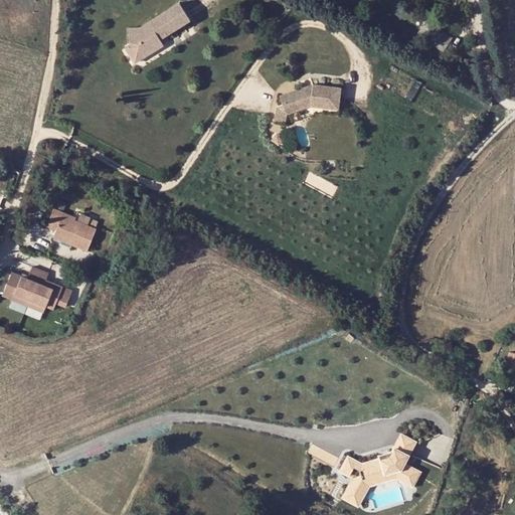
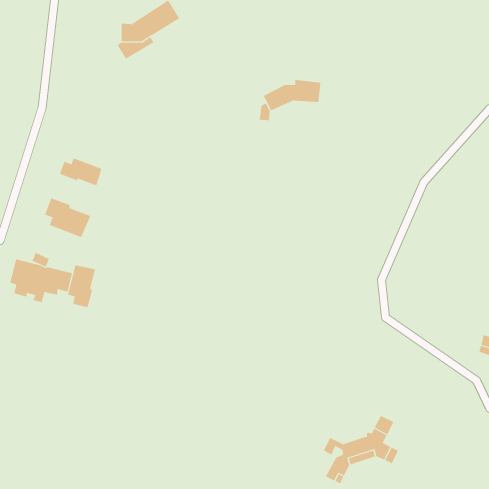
building: none -> [59,157,102,186]
building: none -> [67,265,95,308]

